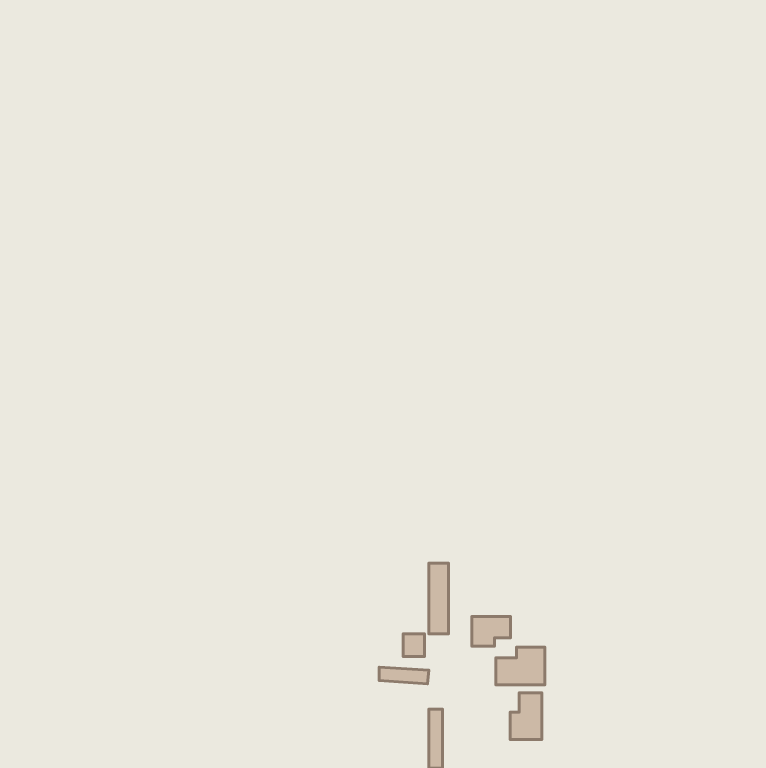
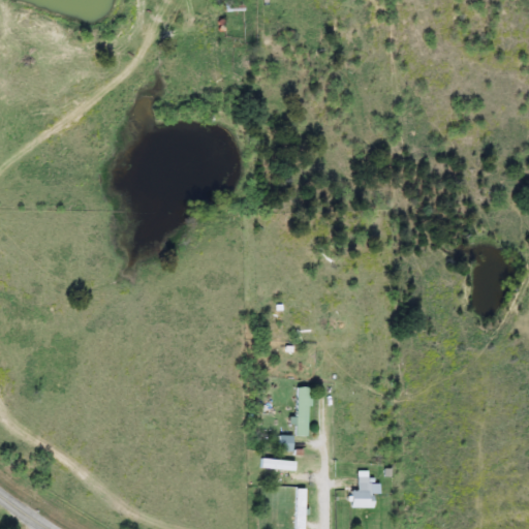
building: [472,616,511,646] -> none
building: [496,647,545,685] -> none

